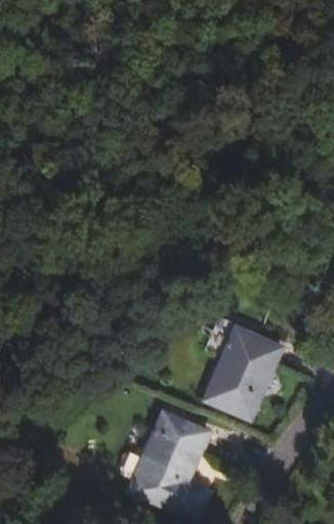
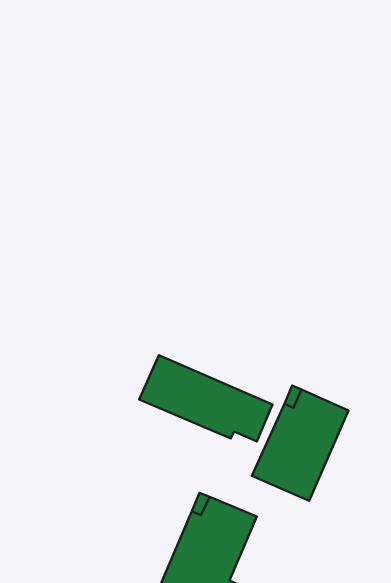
building: none -> [139,355,272,441]

